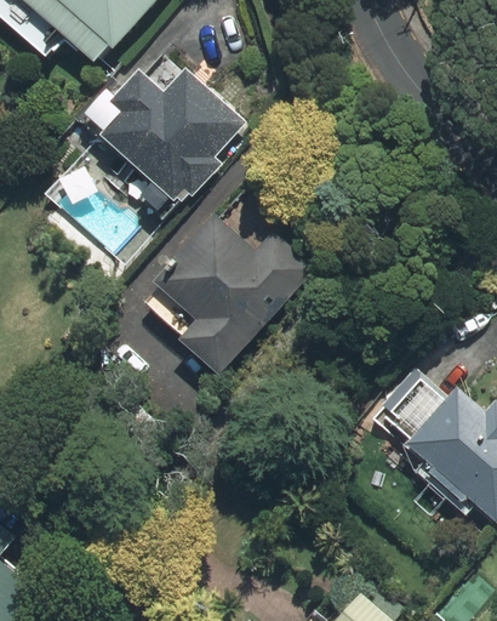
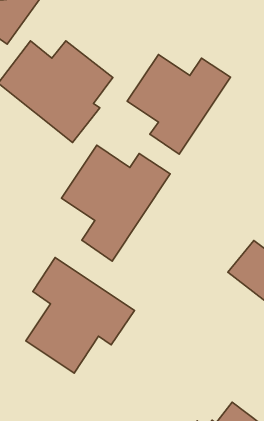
building: none -> [127,55,231,154]
building: none -> [26,257,134,373]

